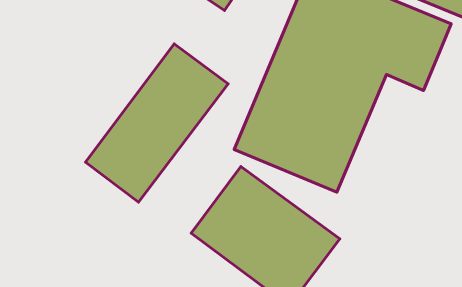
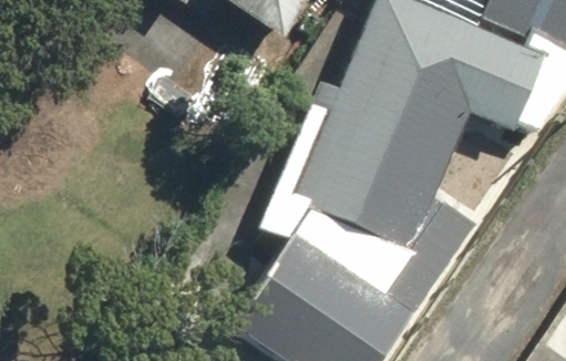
building: [86,44,228,202] -> none

